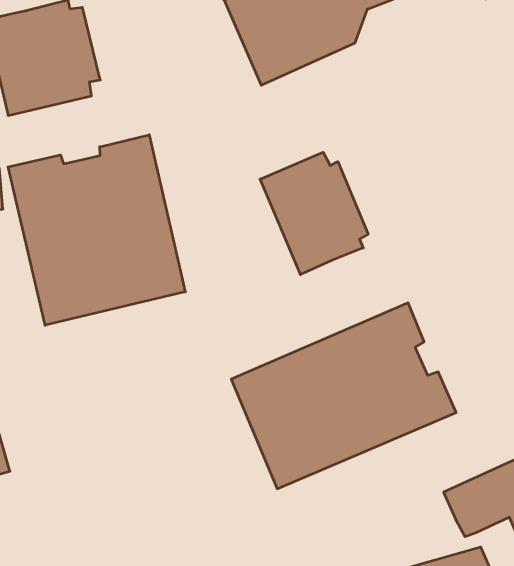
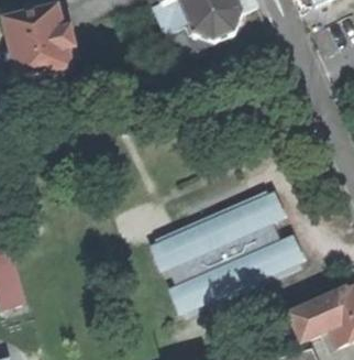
building: [8,135,185,325] -> none
building: [260,152,368,275] -> none

